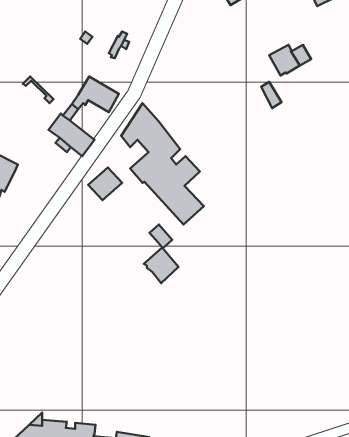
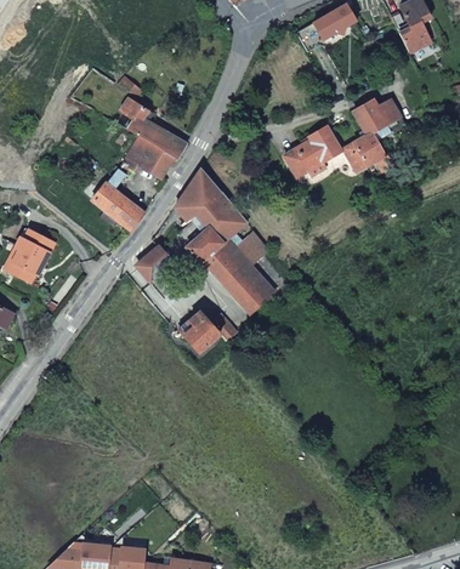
building: none -> [119,96,186,158]
building: none -> [284,126,341,176]
building: none -> [352,131,393,171]
building: [144,247,179,283] -> [178,309,220,352]

